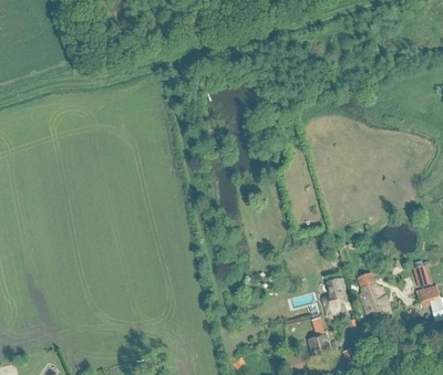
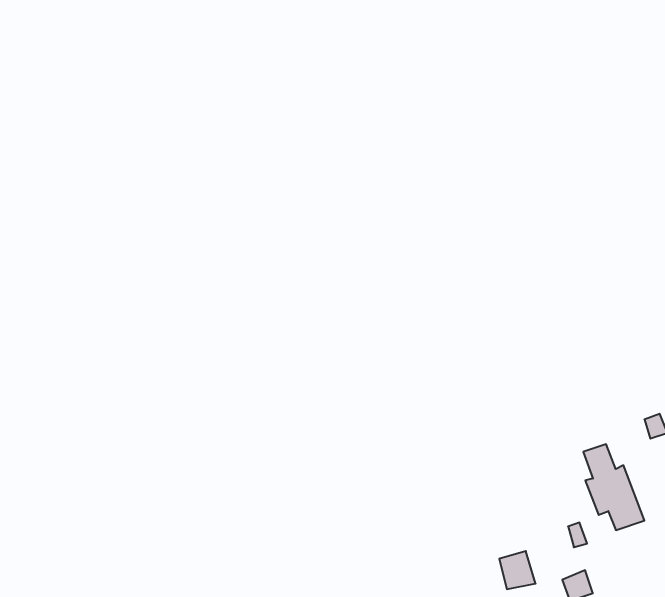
building: [321,277,350,313] -> none

